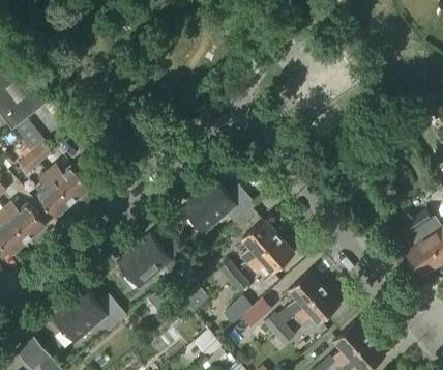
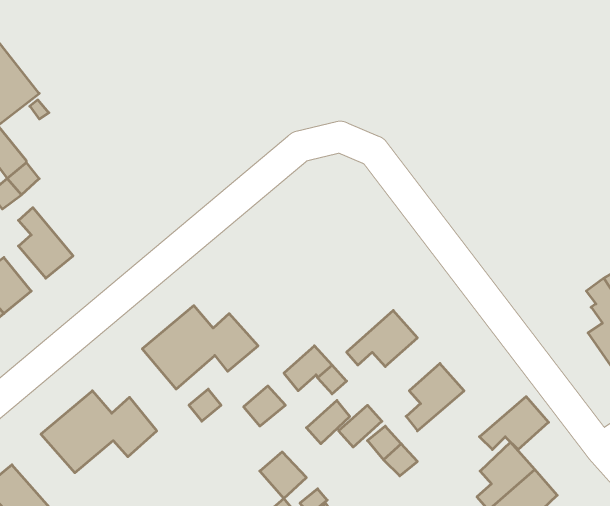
building: [47,165,90,203] -> none
building: [182,180,256,234] -> none
building: [240,221,278,265] -> none
building: [294,290,338,324] -> [479,397,549,450]

